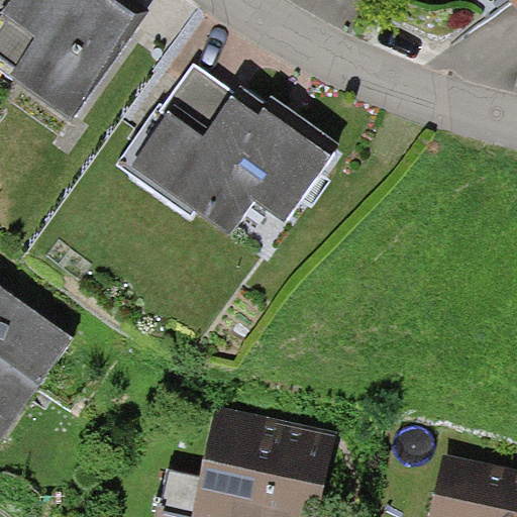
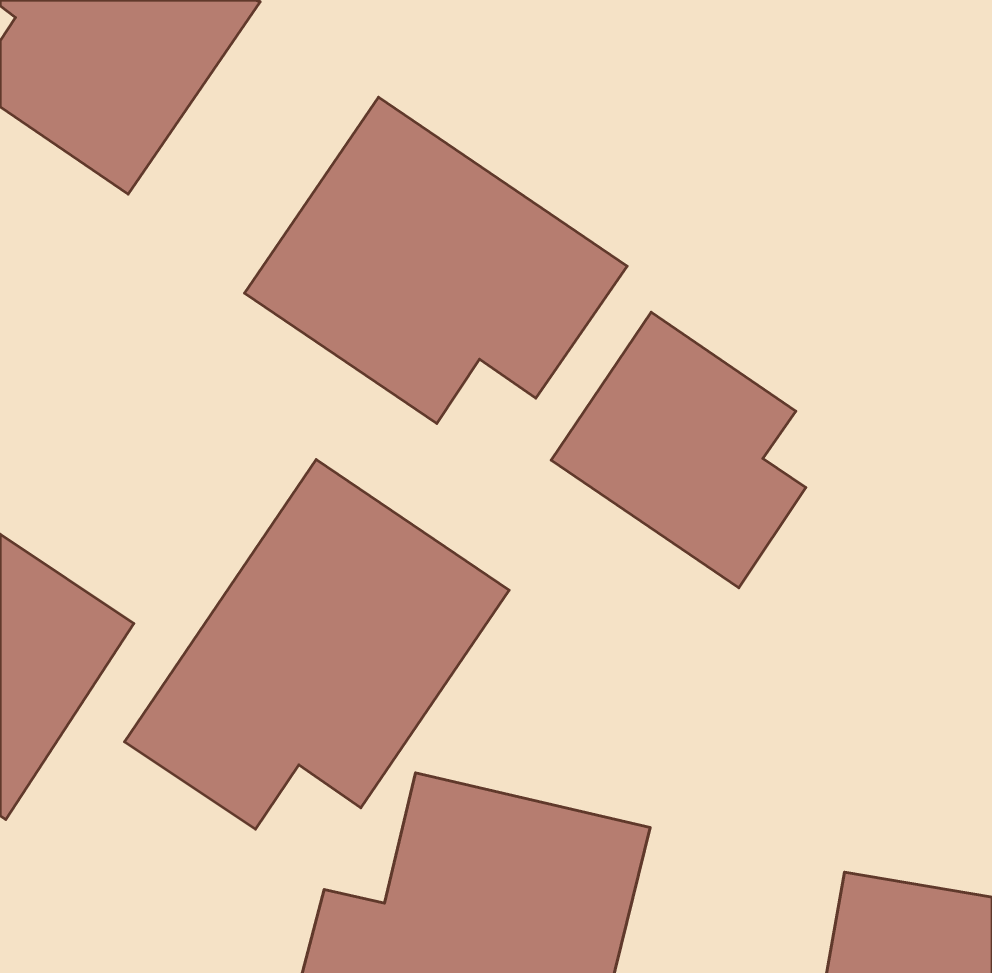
building: none -> [551,312,806,588]
building: none -> [124,460,509,829]

